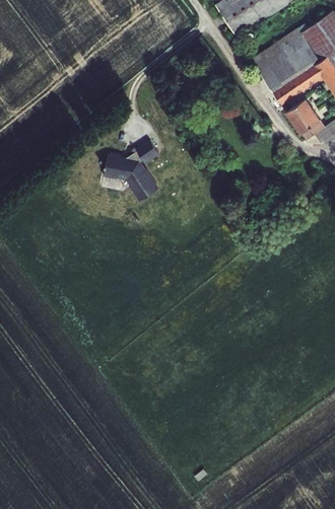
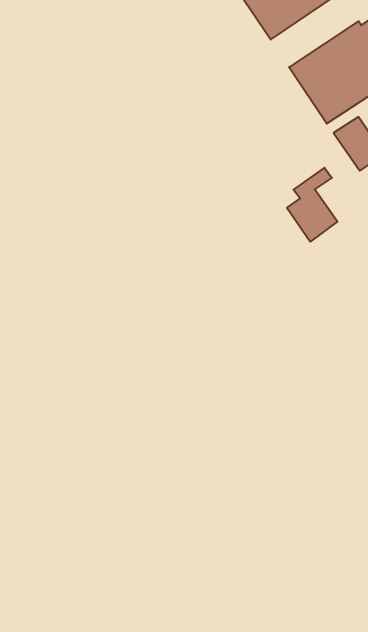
building: none -> [287,168,337,242]
building: [104,139,158,201] -> none

